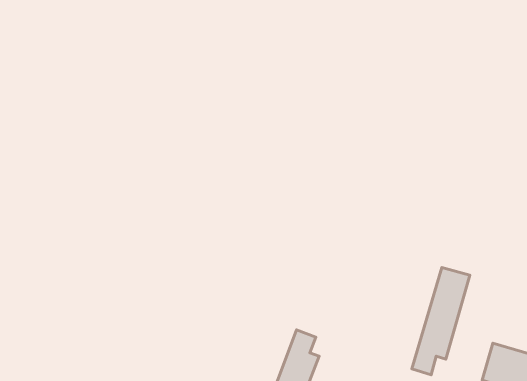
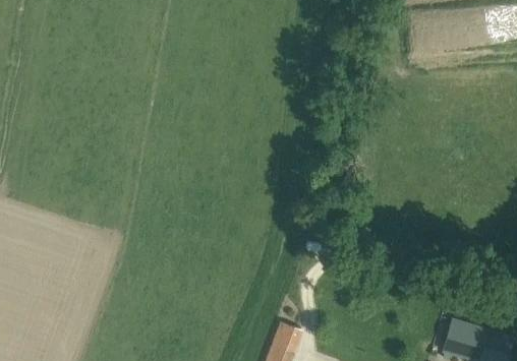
building: [412,268,470,375] -> none

